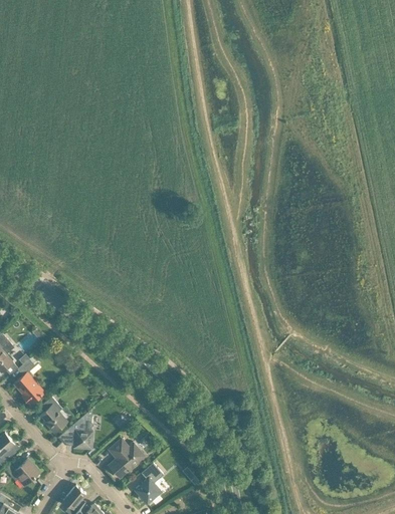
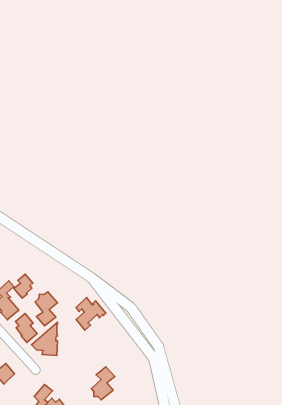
building: none -> [14,274,33,298]
building: none -> [35,292,58,326]
building: [109,438,146,478] -> [76,298,106,330]

